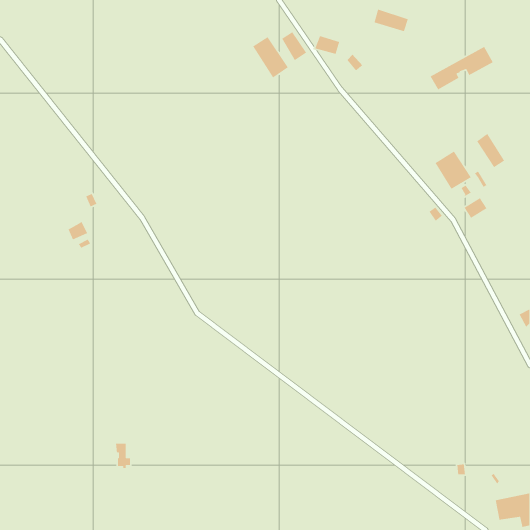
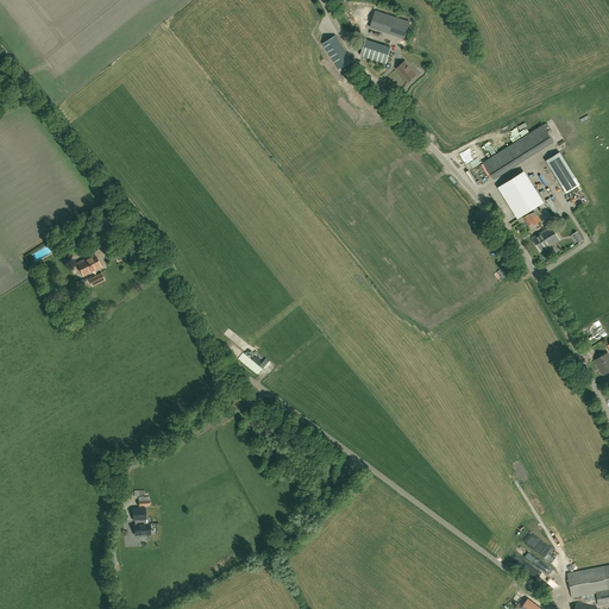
building: [373,8,409,32] -> [370,11,410,38]
building: [252,36,289,78] -> none
building: [429,46,494,91] -> [482,127,555,178]

